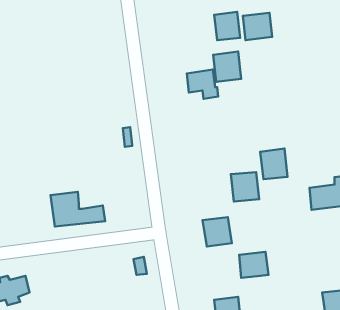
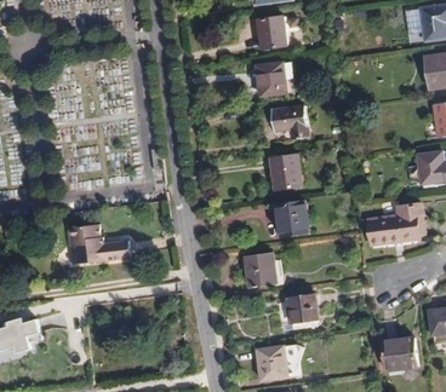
building: [243,13,272,40] -> none
building: [187,69,218,99] -> [271,105,308,139]
building: [260,149,288,179] -> [269,154,301,189]

